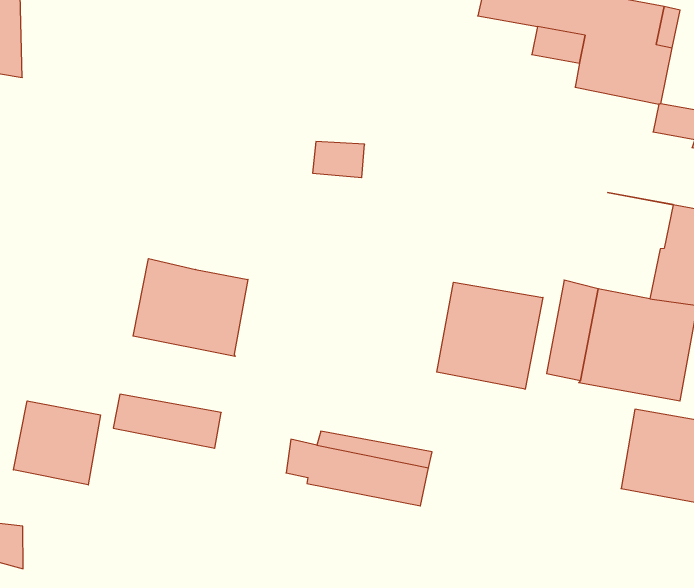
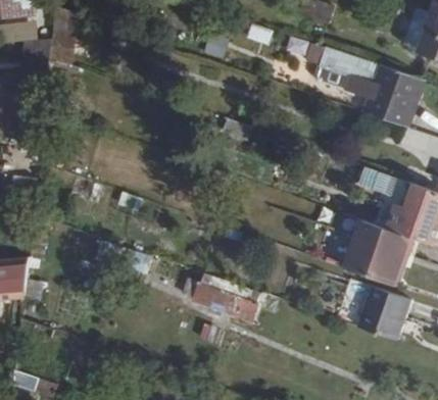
building: [133,259,248,356] -> none
building: [437,282,543,389] -> none
building: [13,401,100,485] -> none

